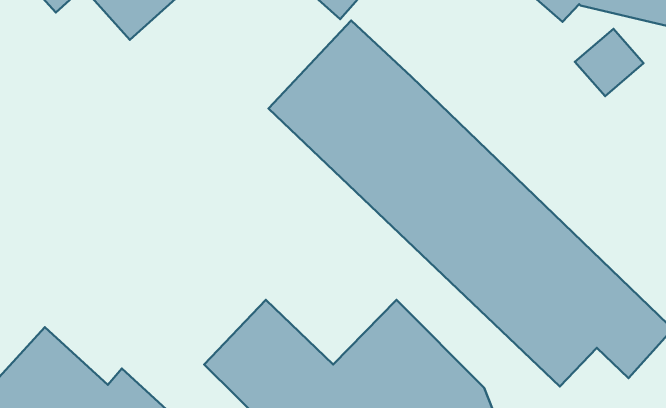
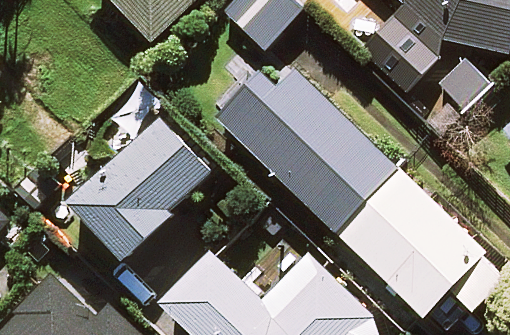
building: none -> [72,118,211,258]

